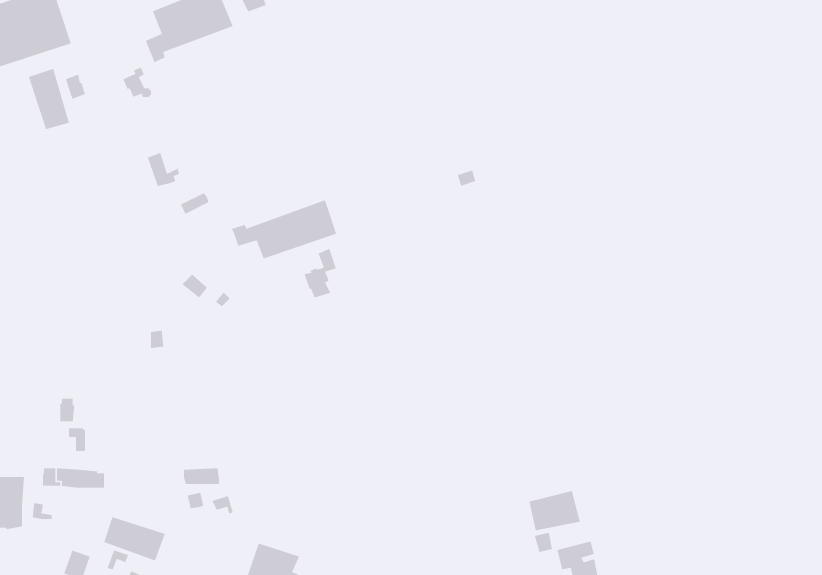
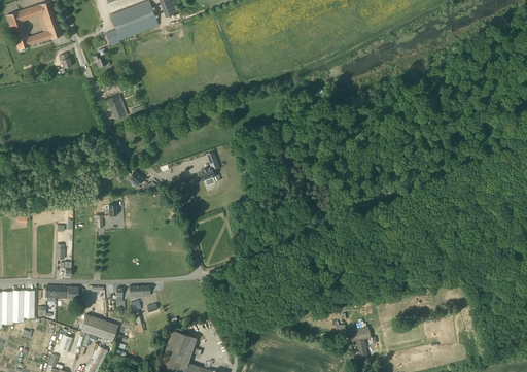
building: [28,68,70,130] -> none
building: [231,199,337,260] -> none
building: [528,490,581,531] -> none

